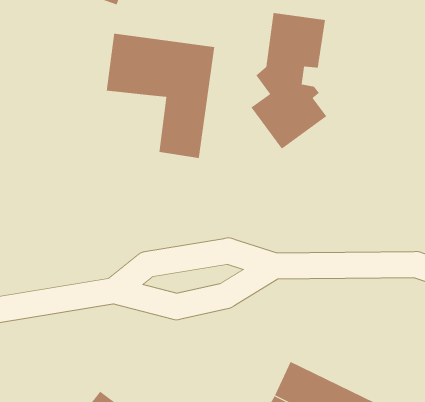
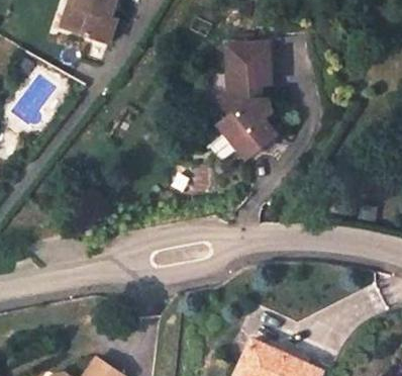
building: [106,33,215,159] -> none

